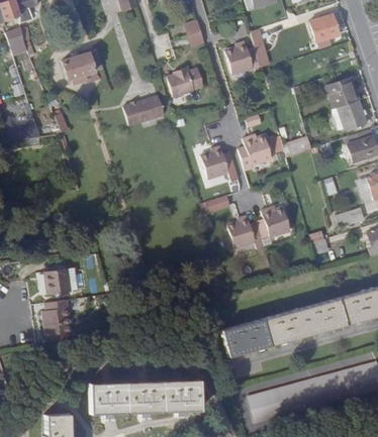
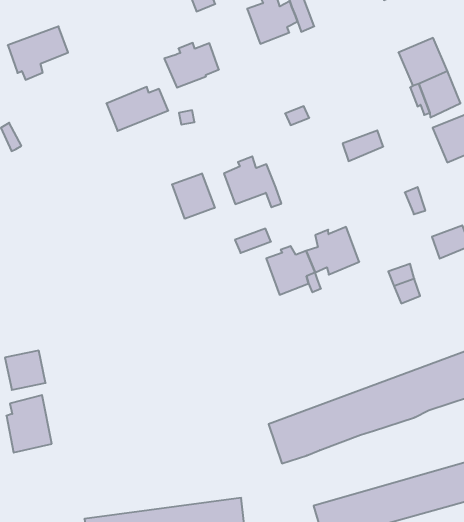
building: [239,138,273,174] -> none
building: none -> [172,173,215,219]

